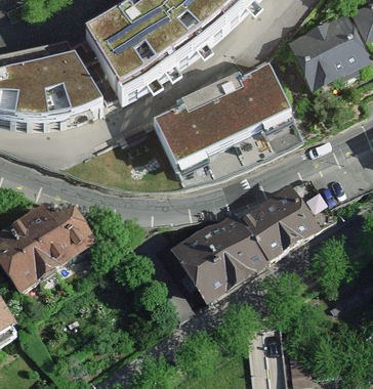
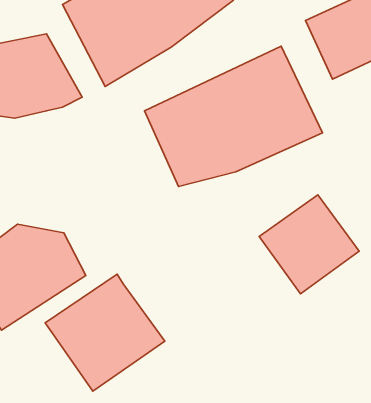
building: [181,210,282,308] -> [45,274,165,391]

